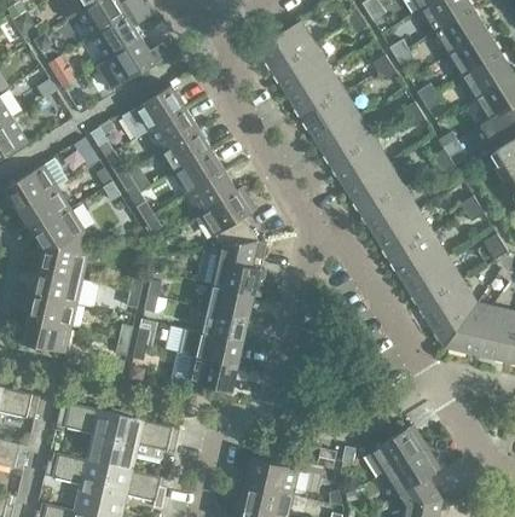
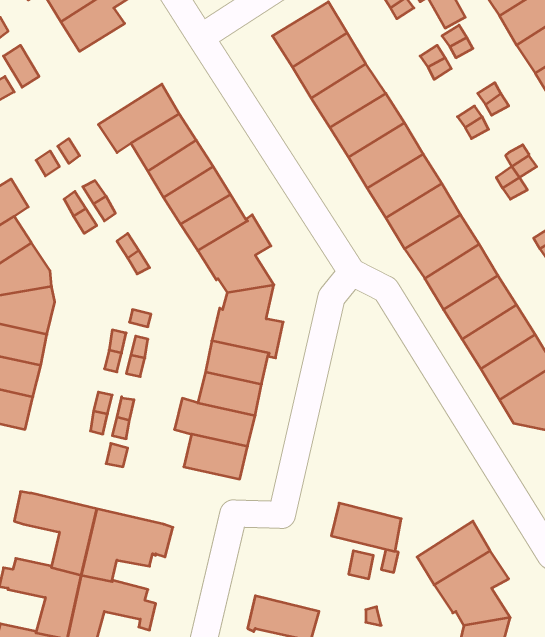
building: [108,37,174,83] -> none
building: [244,457,299,494] -> [331,503,401,551]

